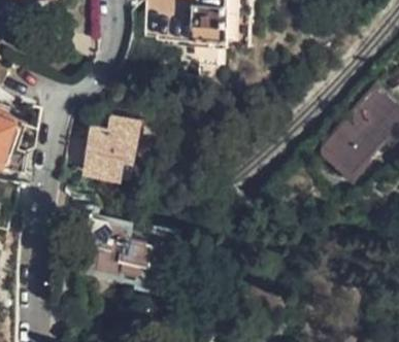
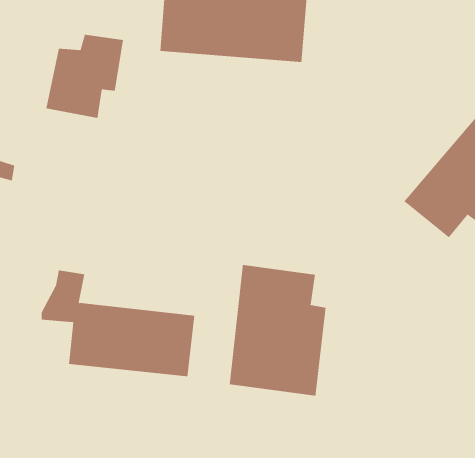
building: [82,117,139,178] -> [45,34,124,118]
building: none -> [229,264,326,396]

